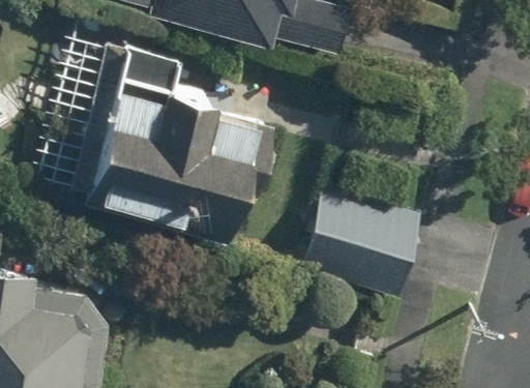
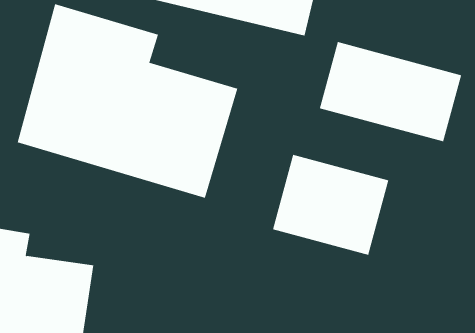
building: none -> [319,41,462,142]

